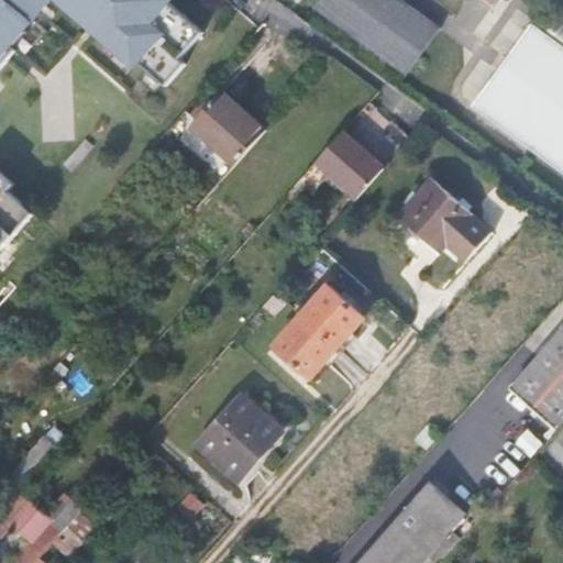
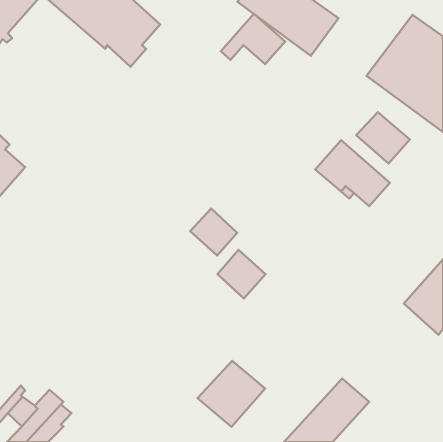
building: [188,91,264,166] -> none
building: [300,133,382,197] -> [221,14,285,64]
building: none -> [356,112,410,164]
building: [301,287,361,346] -> [190,208,237,255]
building: [195,397,280,481] -> [197,361,265,427]

